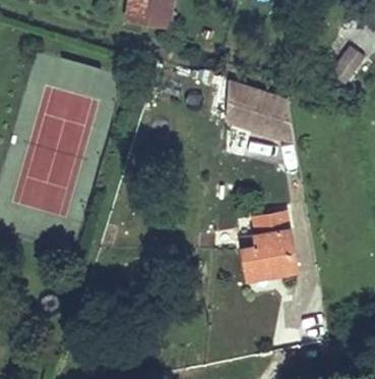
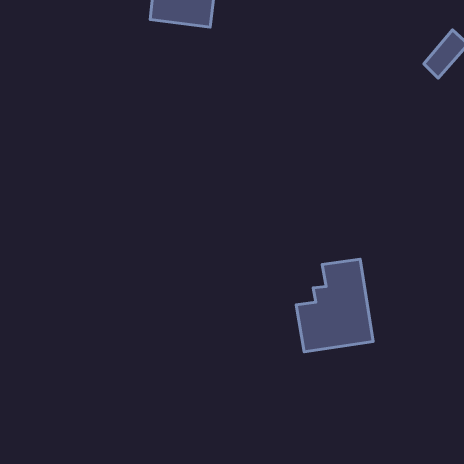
building: [226,79,293,143] -> none

